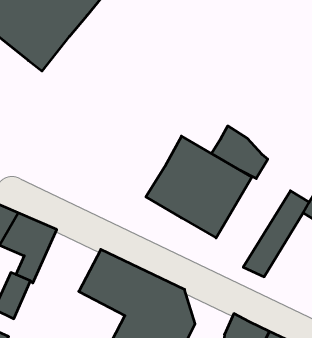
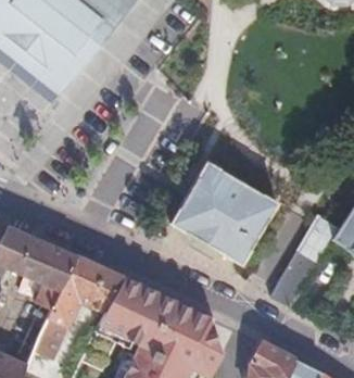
building: [212,126,268,179] -> none
building: none -> [33,255,121,358]

